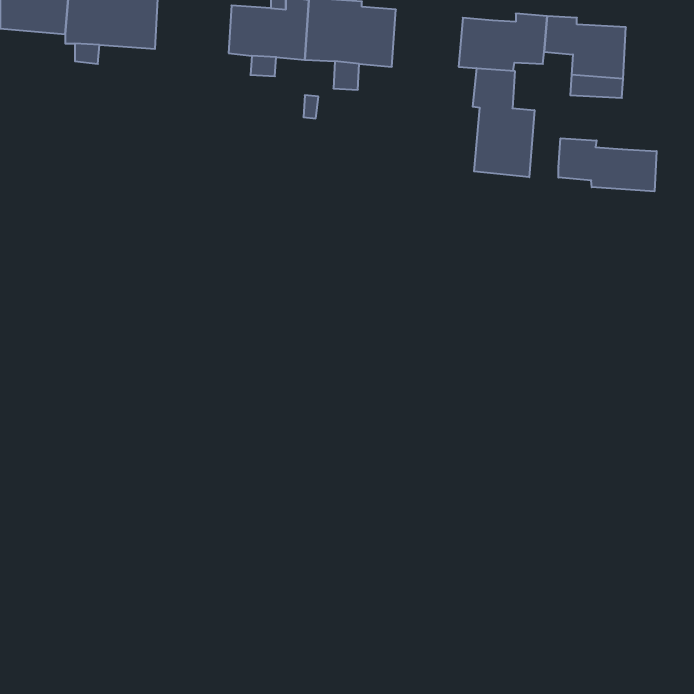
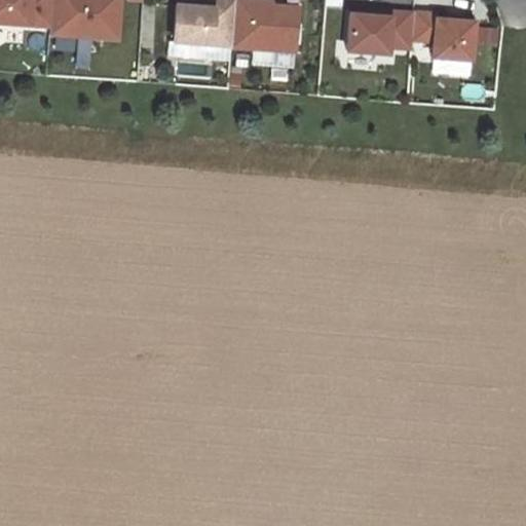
building: [473,68,534,177] -> none
building: [558,138,657,191] -> none

